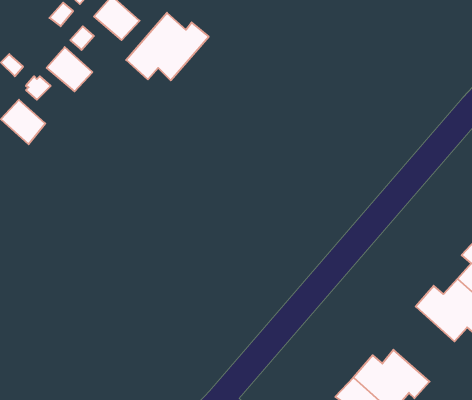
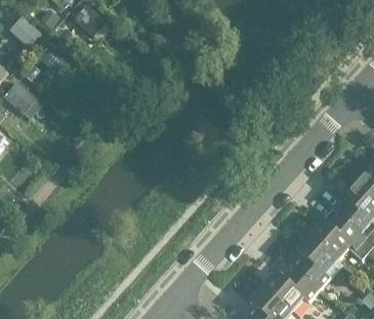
building: none -> [7,16,40,48]
building: [126,13,209,80] -> none
building: none -> [293,235,338,290]

